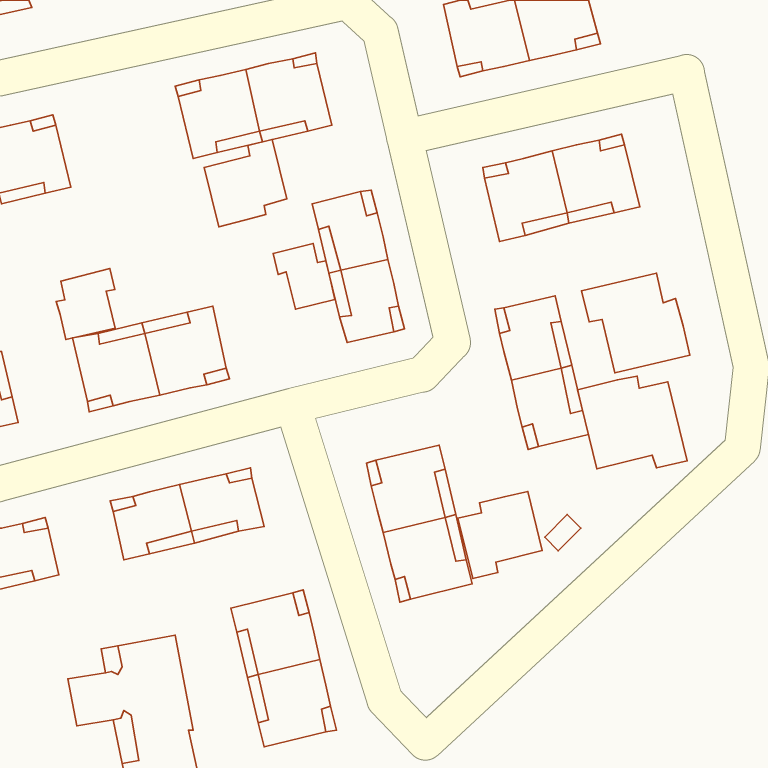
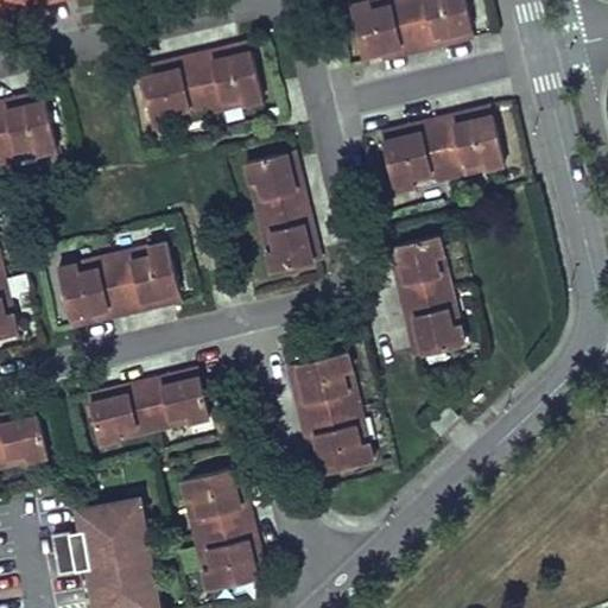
building: [204,140,287,227] -> none
building: [273,243,335,309] -> none
building: [56,269,115,340] -> none
building: [582,273,690,373] -> none
building: [578,376,687,469] -> none
building: [458,491,542,578] -> none

